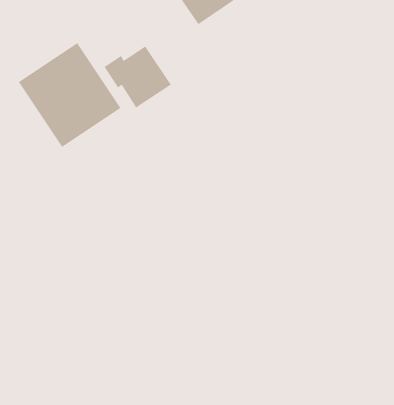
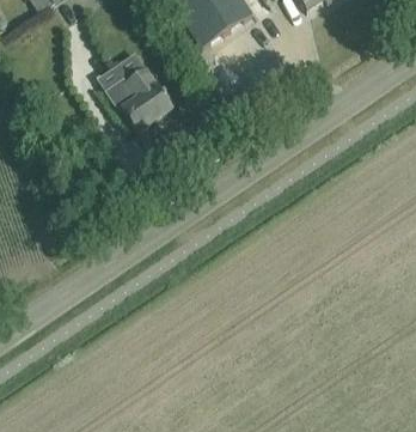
building: [18,42,122,148] -> none

